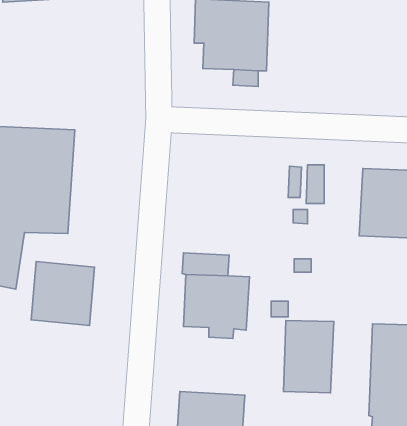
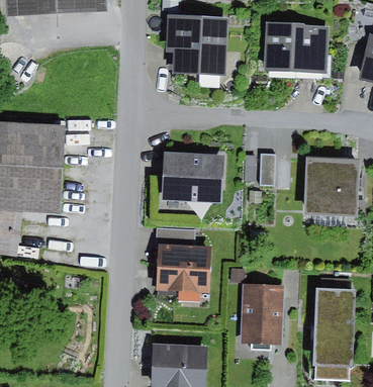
building: none -> [266,22,329,73]
building: none -> [162,153,224,203]
building: [31,262,95,325] -> none

